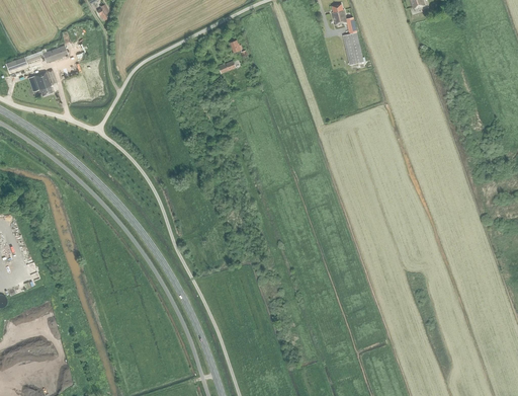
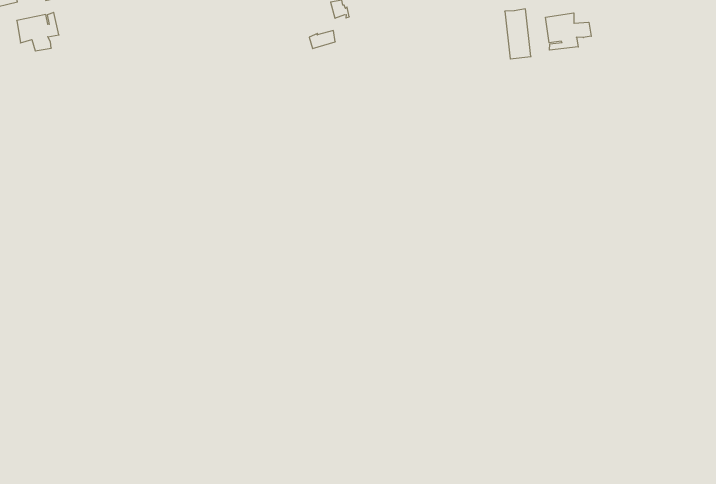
building: none -> [546,13,591,50]

